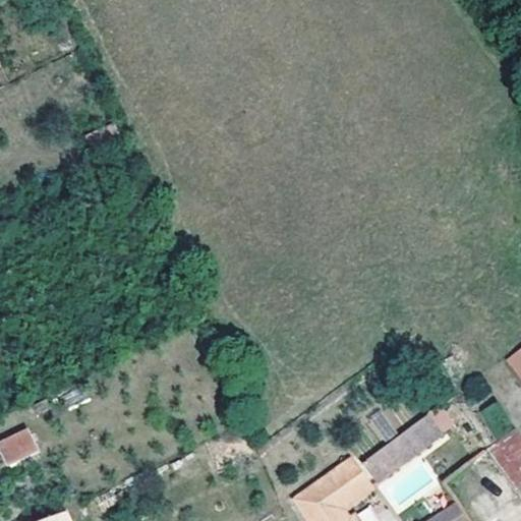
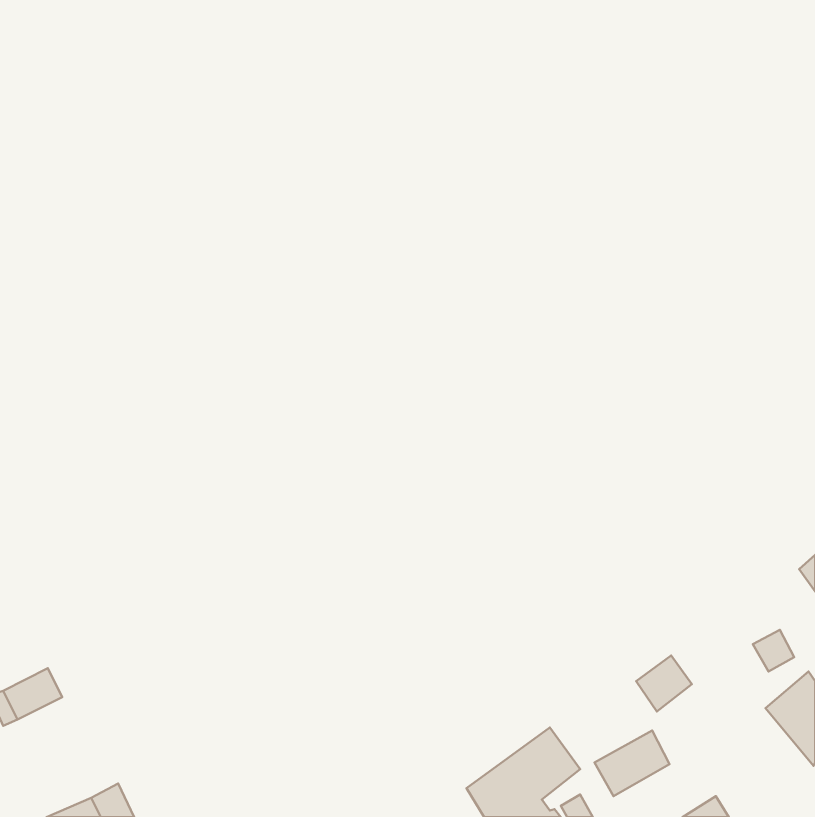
building: [361,433,418,485] -> none

